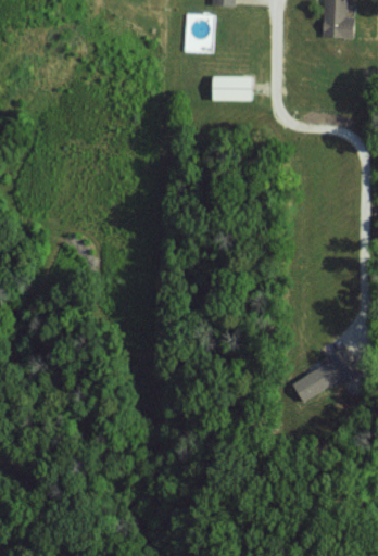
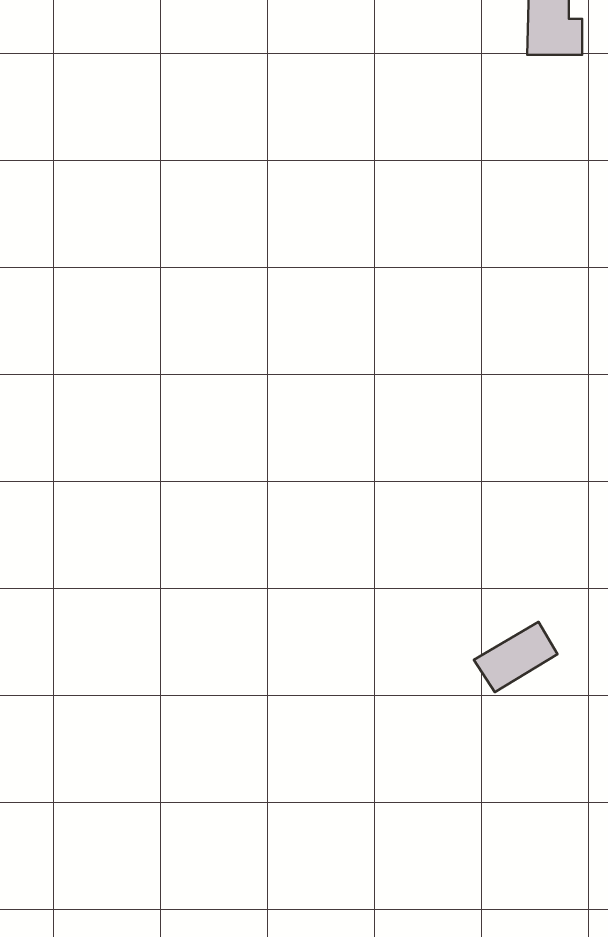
building: [212,75,251,100] -> none

